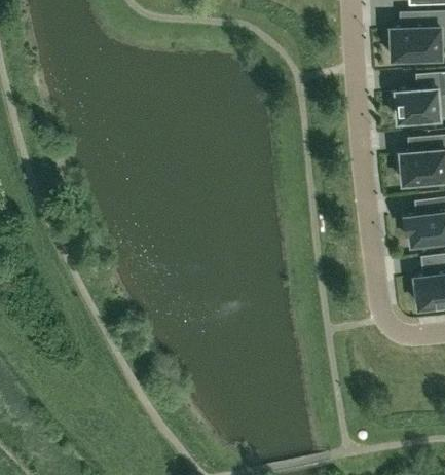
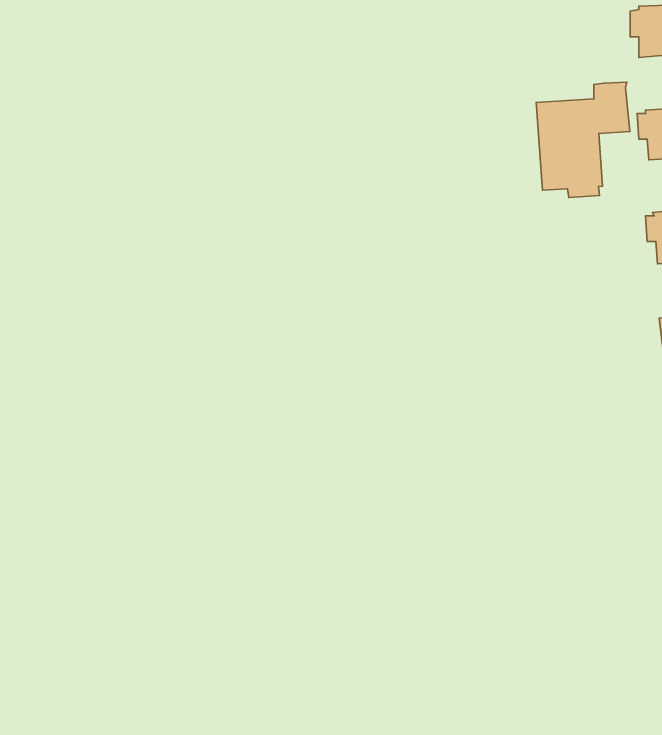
building: none -> [536,82,630,197]

